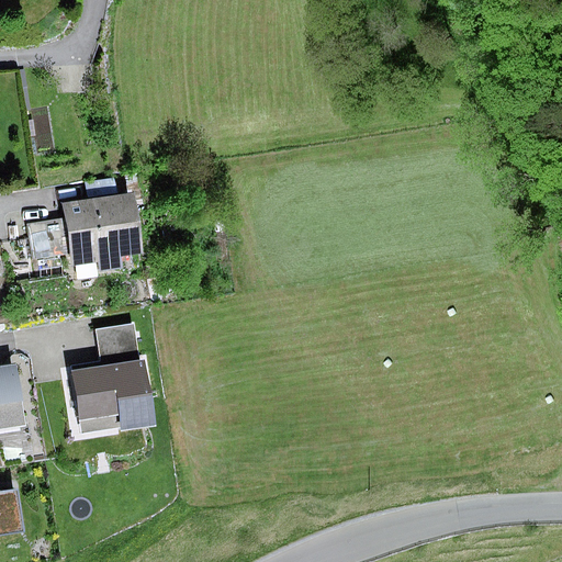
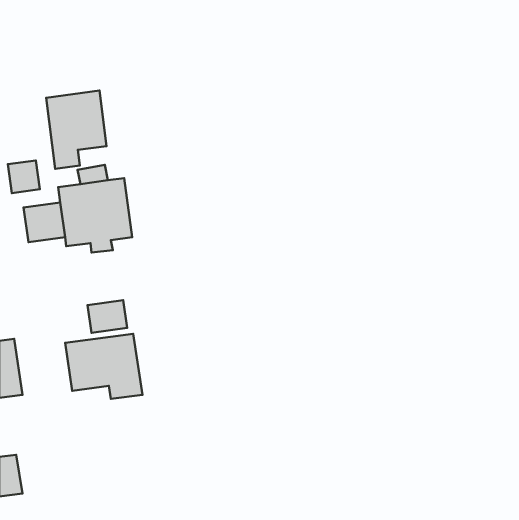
building: none -> [46,91,106,169]
building: none -> [8,160,40,193]

